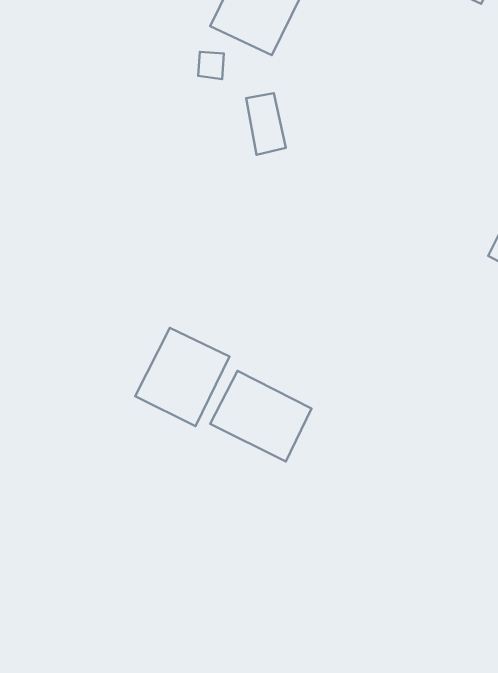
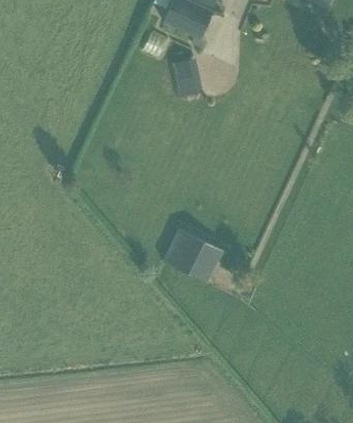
building: [135,328,230,426] -> none

